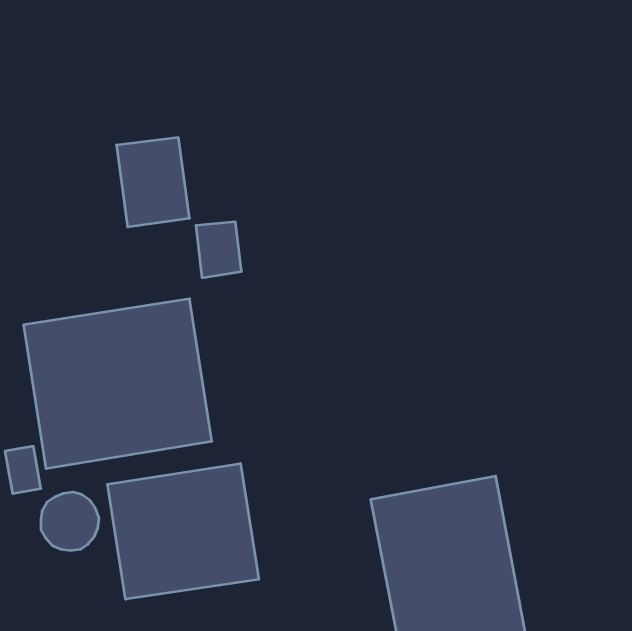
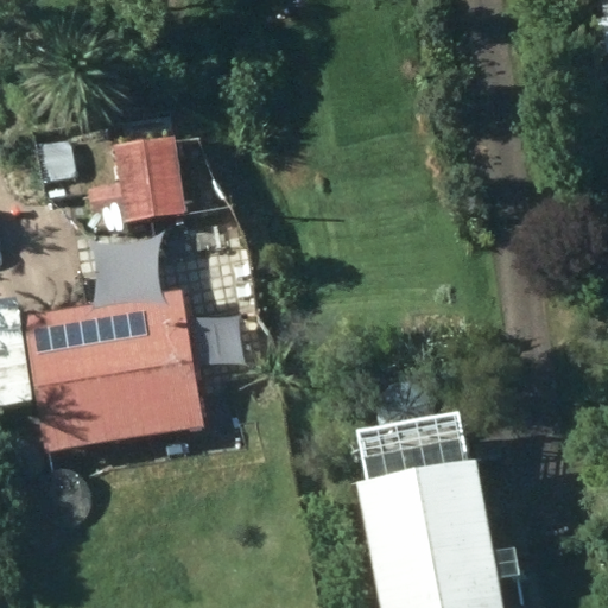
building: [107,463,259,599] -> none

